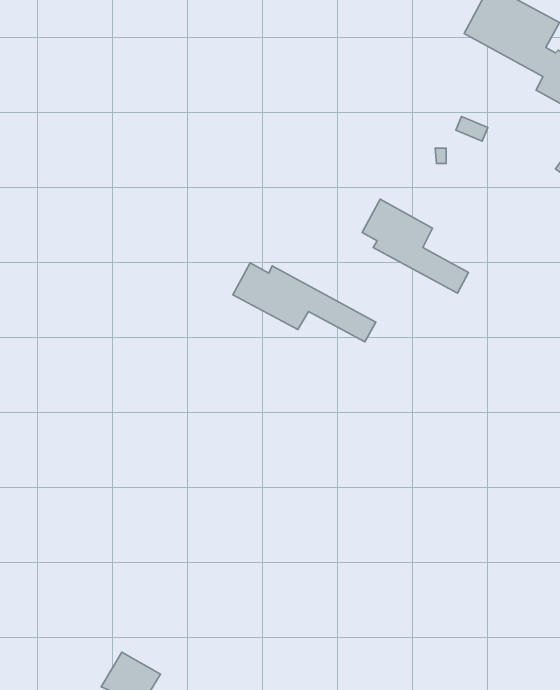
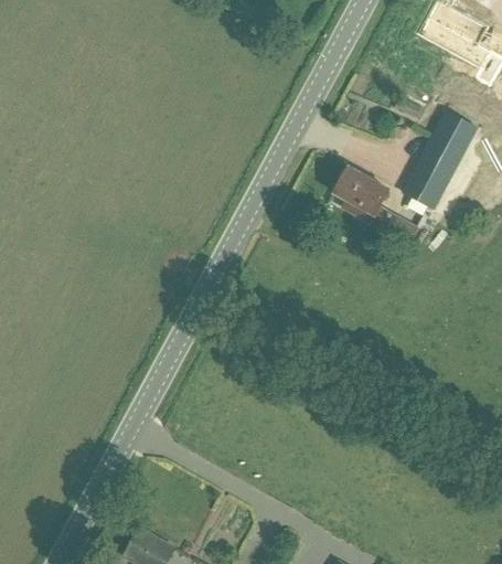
building: none -> [402,110,481,211]
building: [233,263,376,342] -> none

